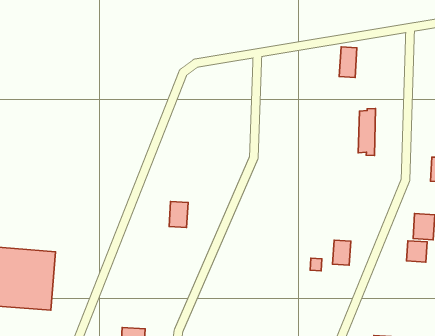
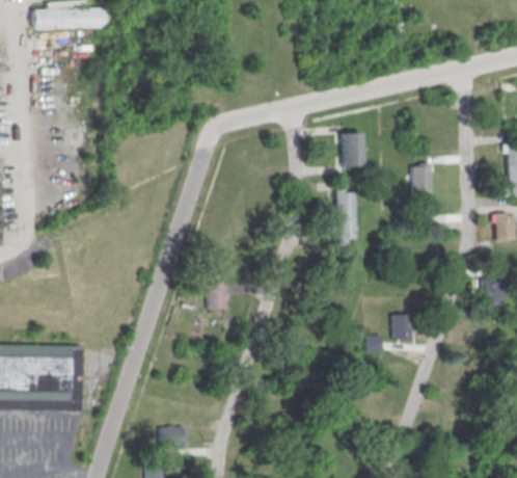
building: [339,47,357,77] -> [344,133,361,166]
building: none -> [336,190,357,243]
building: [407,241,427,262] -> none

